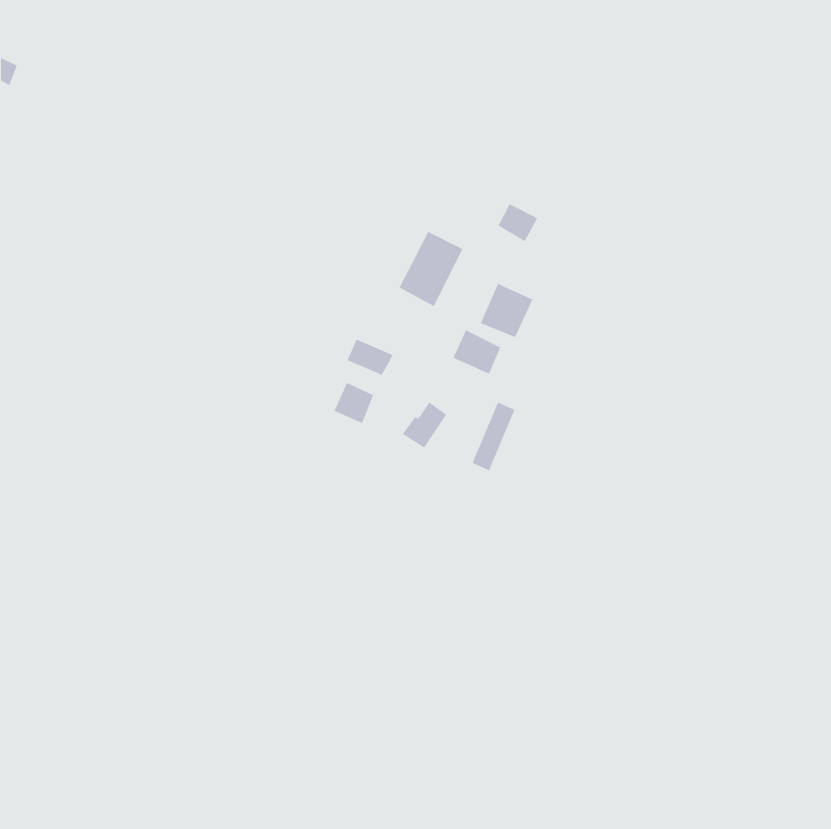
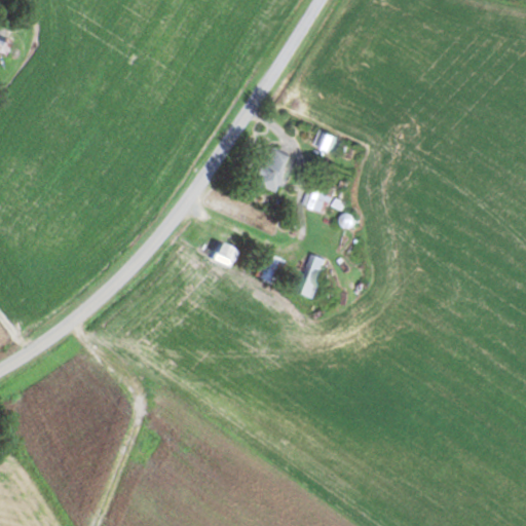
building: [452,329,501,375] -> none
building: [346,338,394,376] -> none

